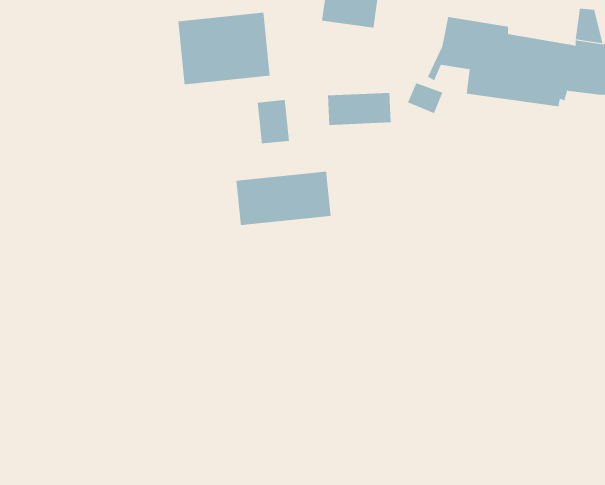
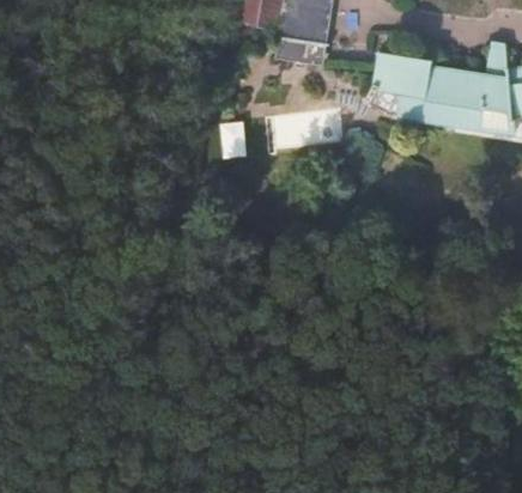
building: [178,12,270,85] -> none
building: [236,171,331,226] -> none

